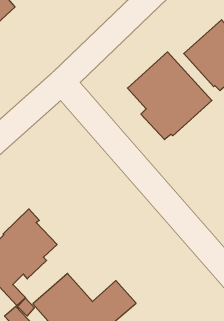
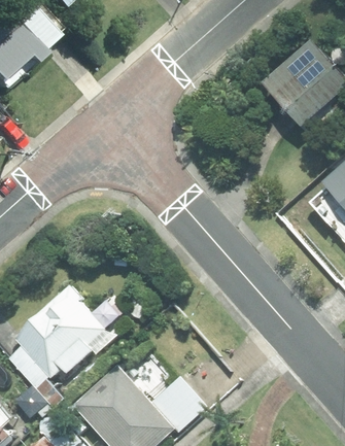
building: [127,52,212,140] -> none

